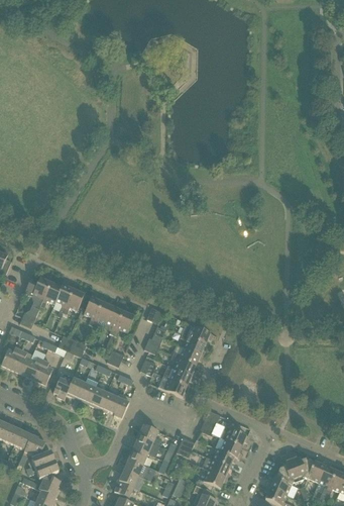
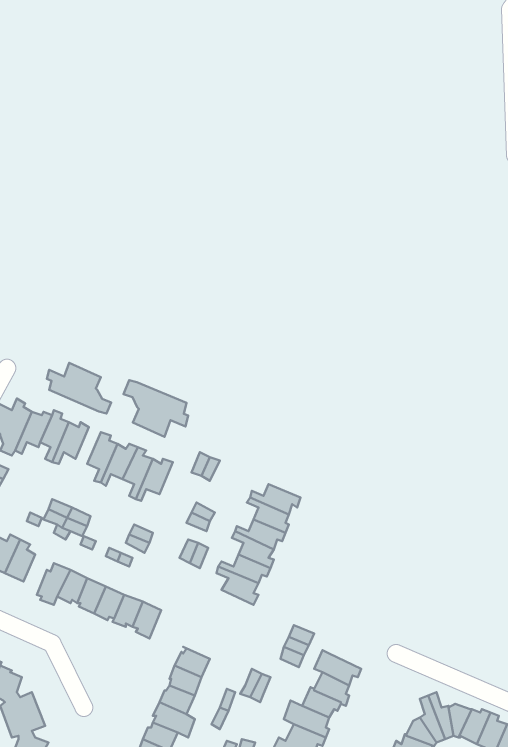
building: none -> [47,363,111,414]
building: none -> [123,380,188,437]

